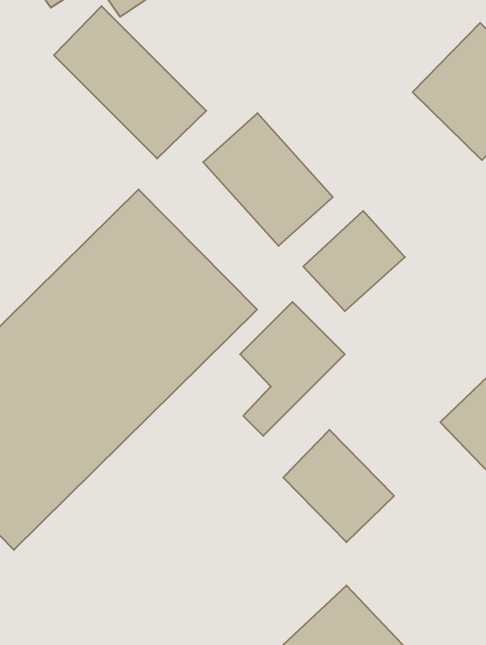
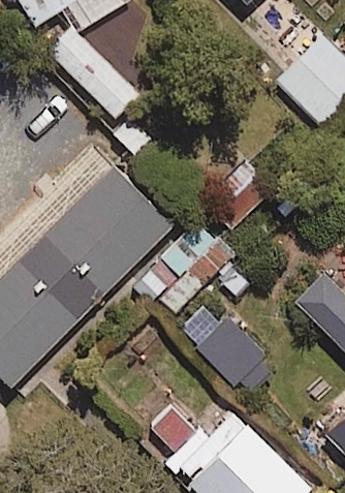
building: [203,113,333,246] -> none

